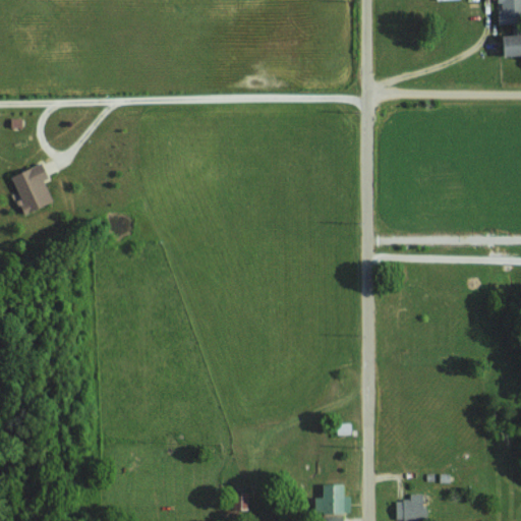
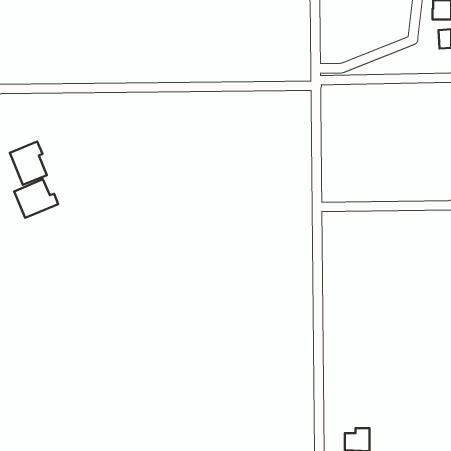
building: none -> [14,179,58,218]
building: [314,483,344,514] -> none

